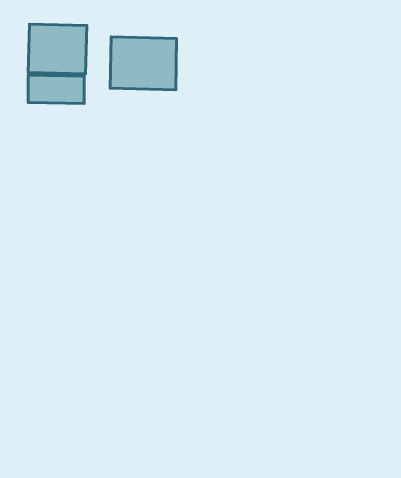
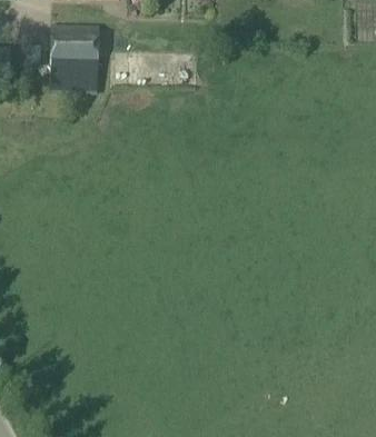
building: [110,37,177,90] -> none

